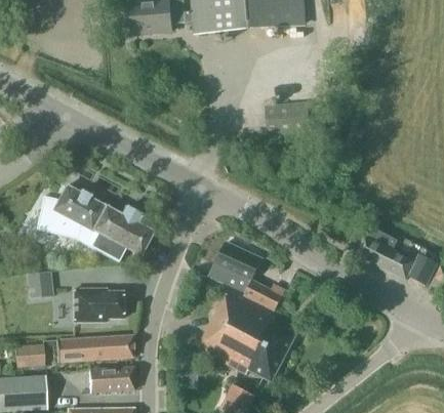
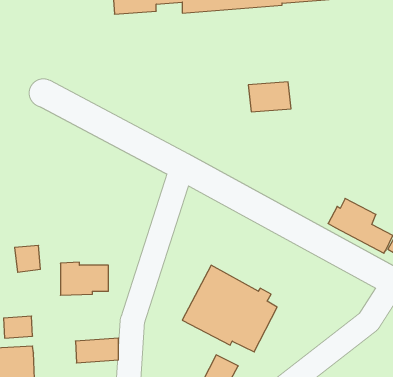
building: [35,184,152,260] -> none
building: [210,239,285,309] -> none
building: [55,334,132,361] -> none

